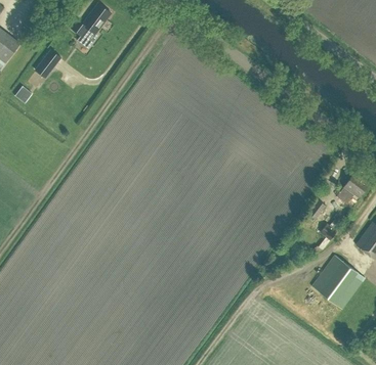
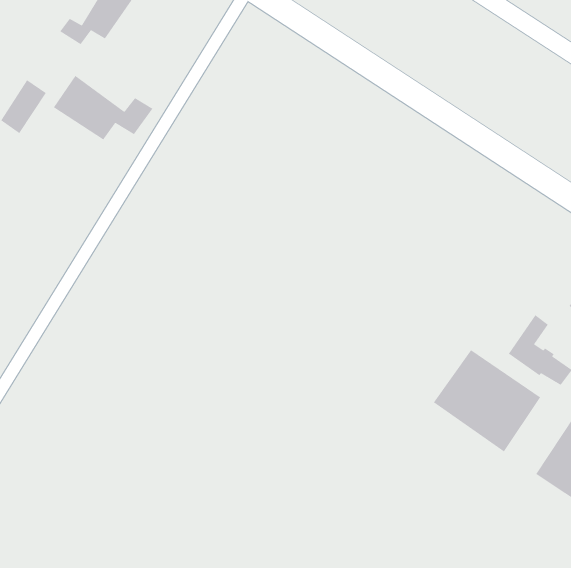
building: none -> [53,75,153,141]
building: none -> [433,349,541,453]

